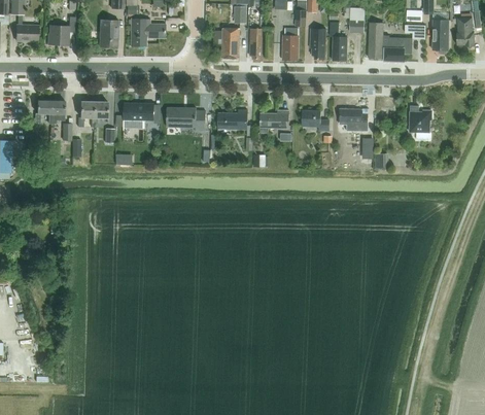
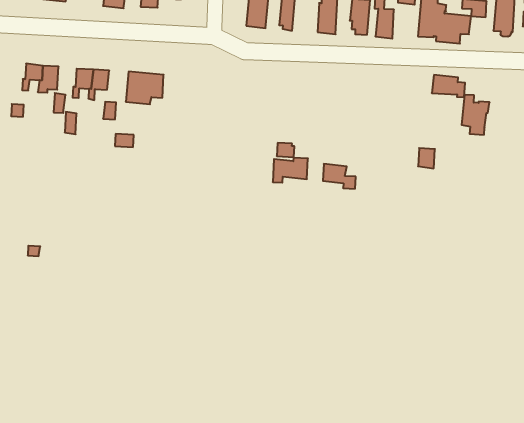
building: [166,107,205,130] -> none
building: [339,108,367,126] -> [432,75,465,97]
building: [217,109,246,129] -> none
building: [259,110,288,132] -> [273,158,308,183]
building: [301,110,328,130] -> [323,164,356,189]

